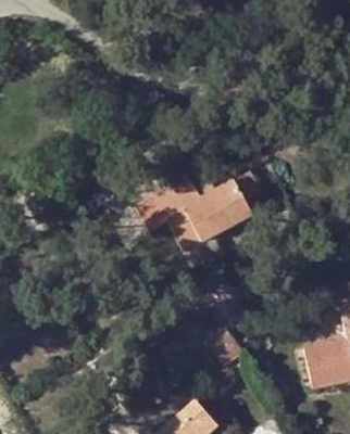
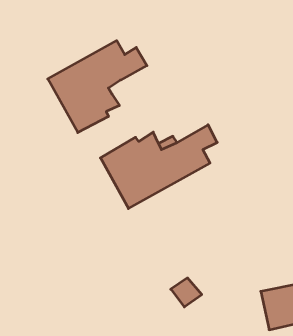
building: none -> [48,41,147,133]

